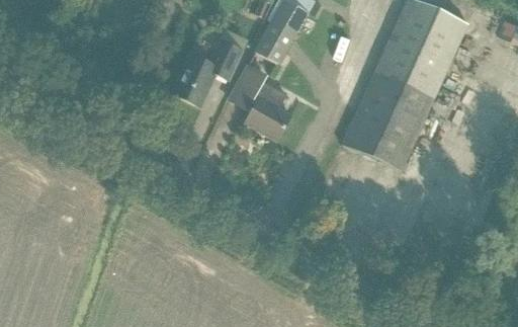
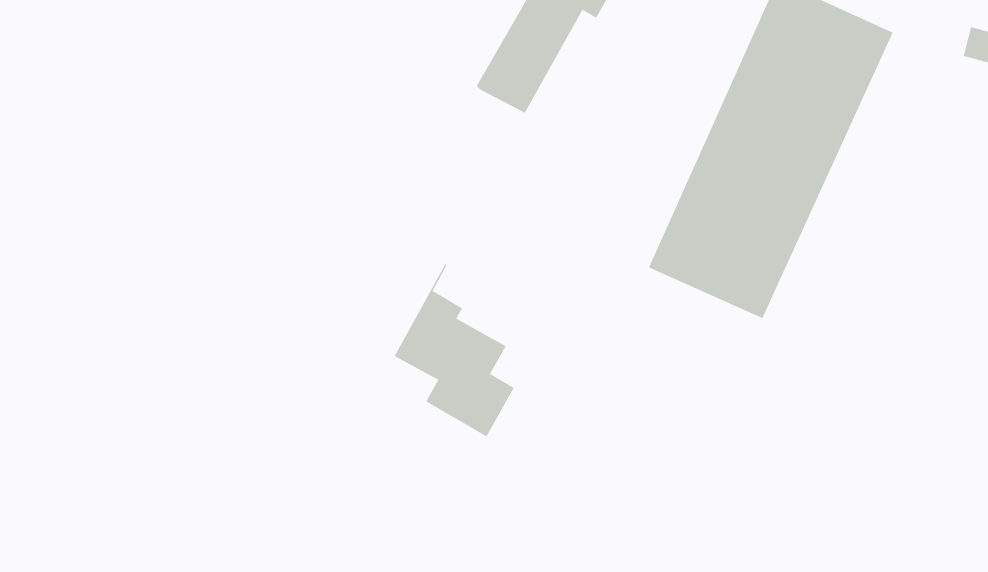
building: [172,39,244,106] -> none
building: [230,51,291,140] -> [394,263,515,437]

